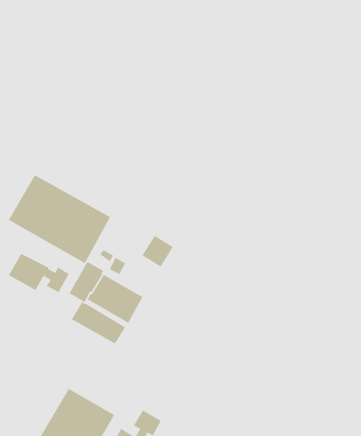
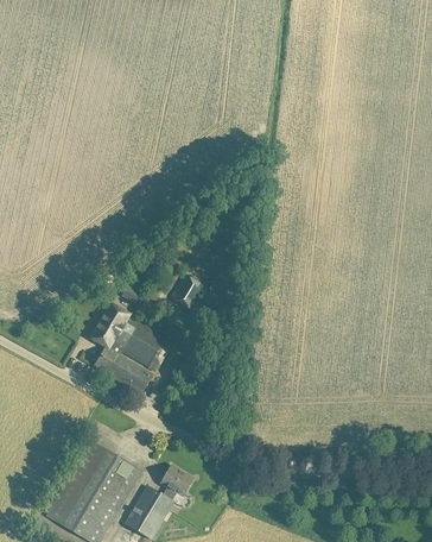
building: [8,174,111,264] -> none
building: [8,253,70,293] -> none

